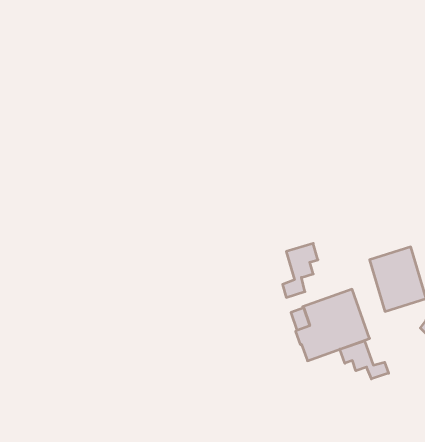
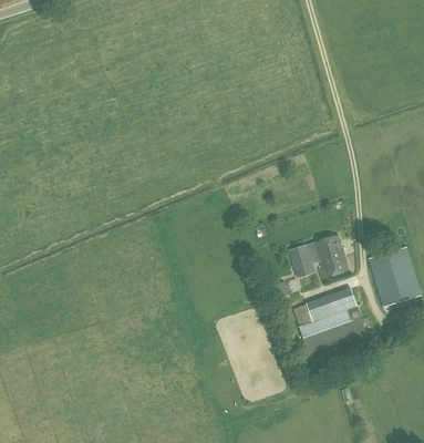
building: none -> [313,235,348,276]
building: [340,341,389,379] -> none

